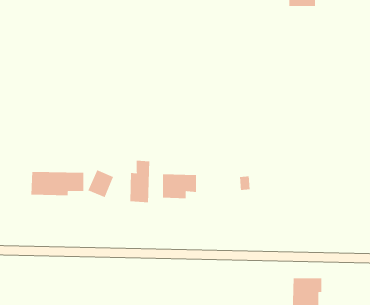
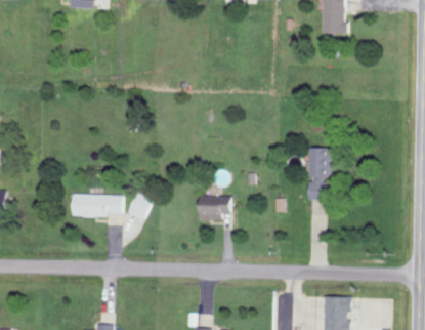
building: none -> [307,148,332,200]
building: [130,160,150,203] -> none

